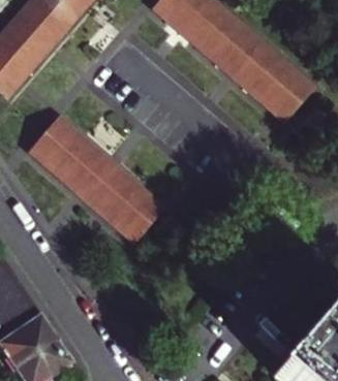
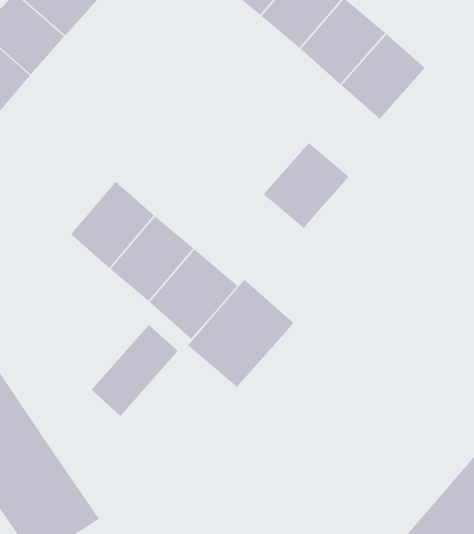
building: [259,64,316,121] -> [263,142,349,229]
building: [29,116,86,173] -> none
building: none -> [187,279,294,388]
building: none -> [91,324,178,417]

